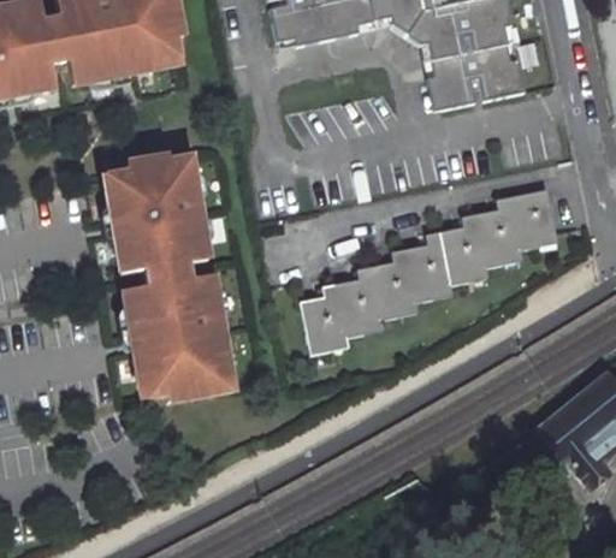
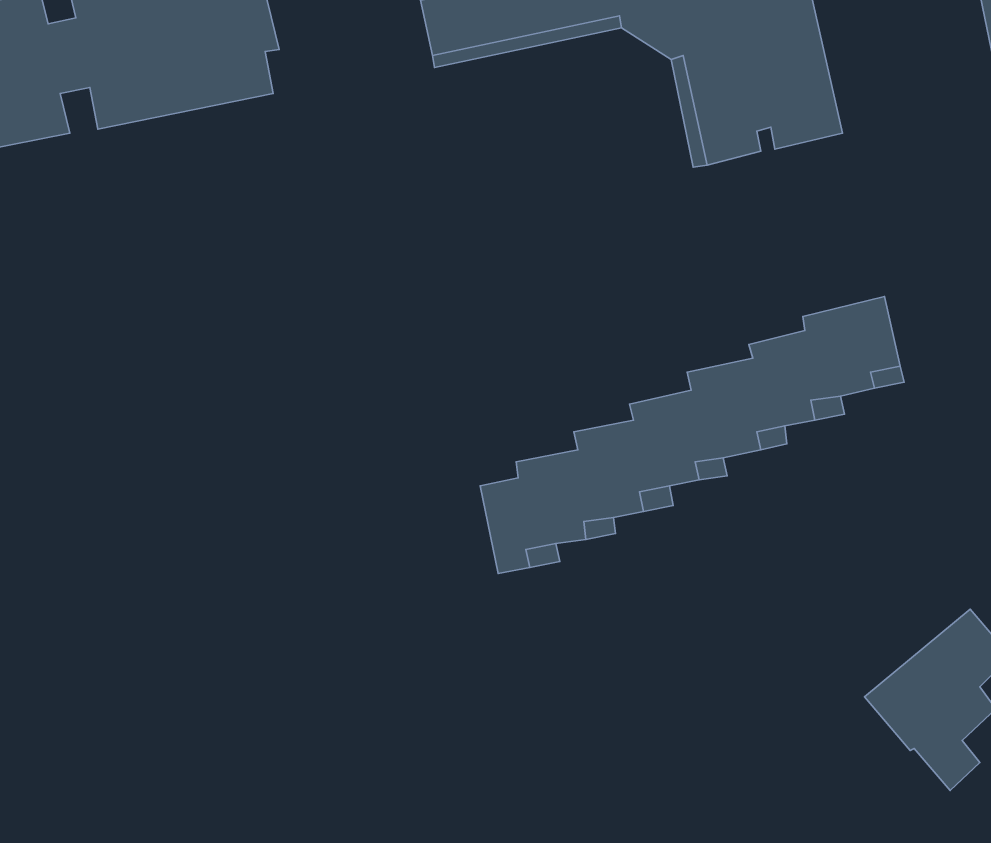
building: [105,158,241,400] -> none

